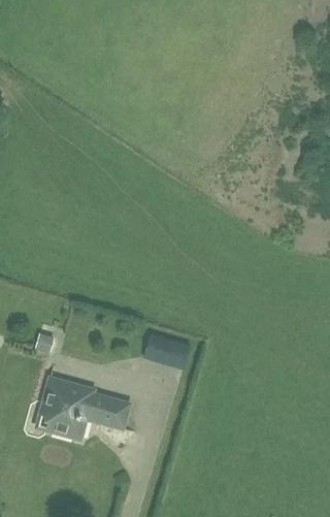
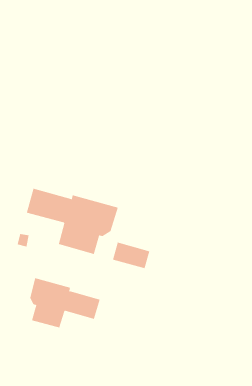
building: none -> [26,188,118,255]

